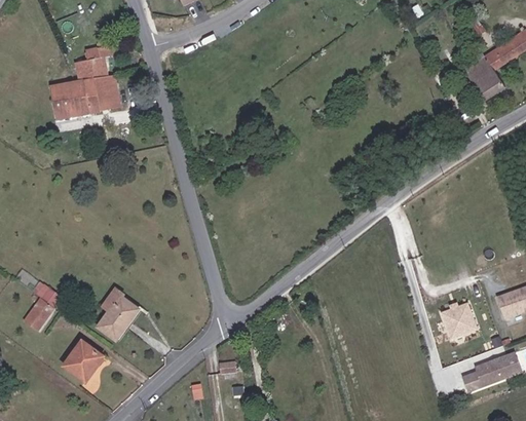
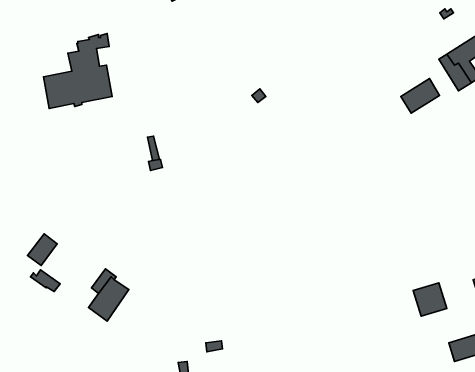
building: none -> [401,79,440,113]
building: [23,298,53,331] -> [28,234,57,265]
building: [63,340,104,382] -> none

